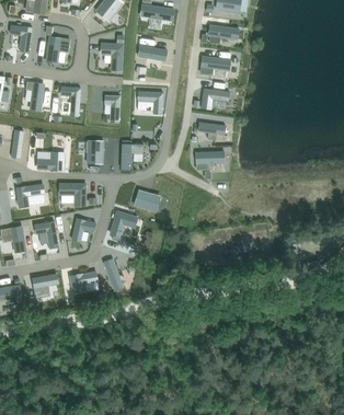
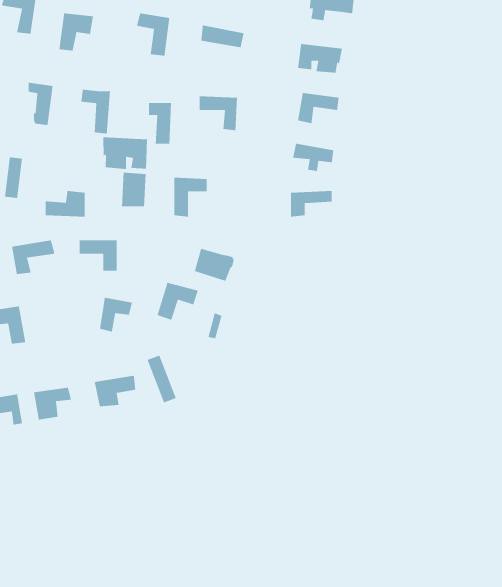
building: none -> [103,137,148,170]
building: [34,221,58,249] -> none

